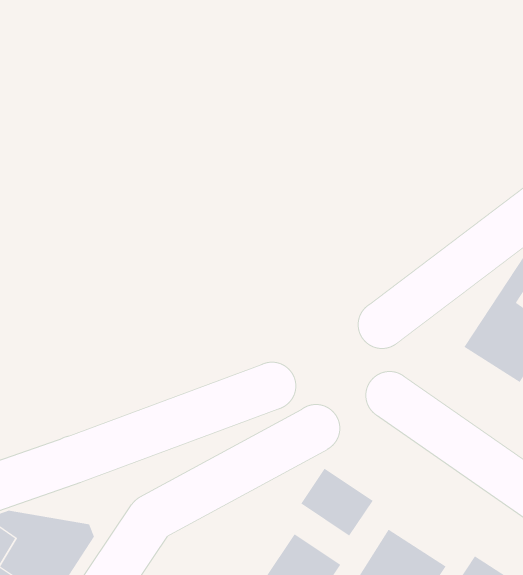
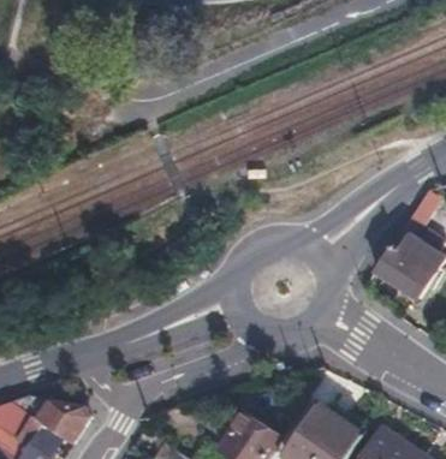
building: [300,468,373,537] -> none

